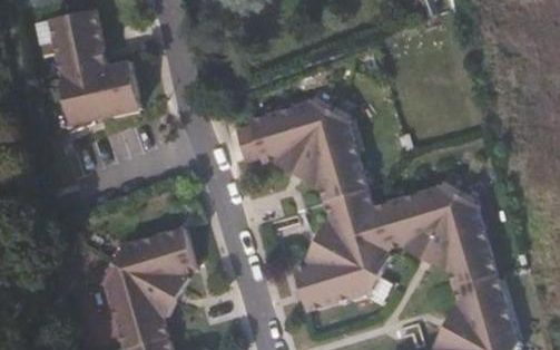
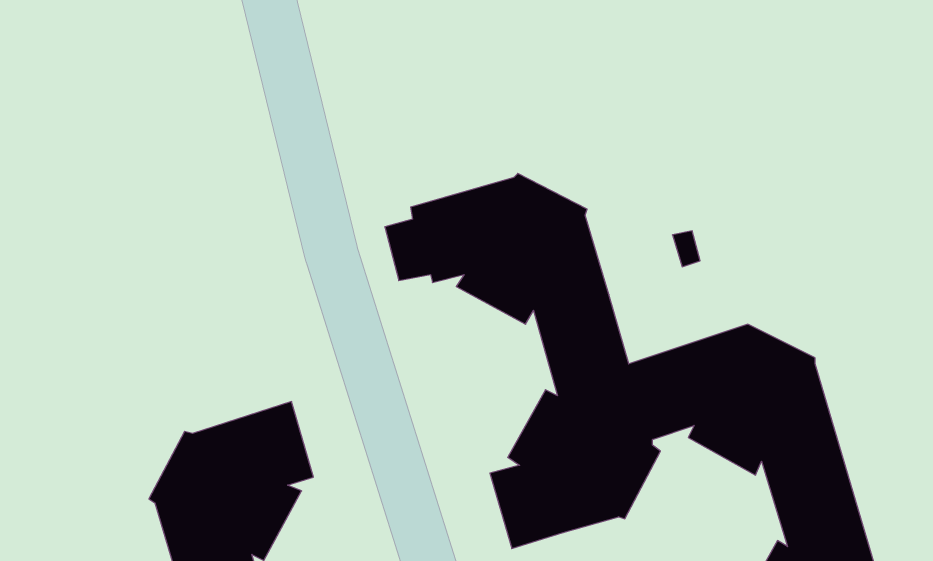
building: [48,10,140,125] -> none

